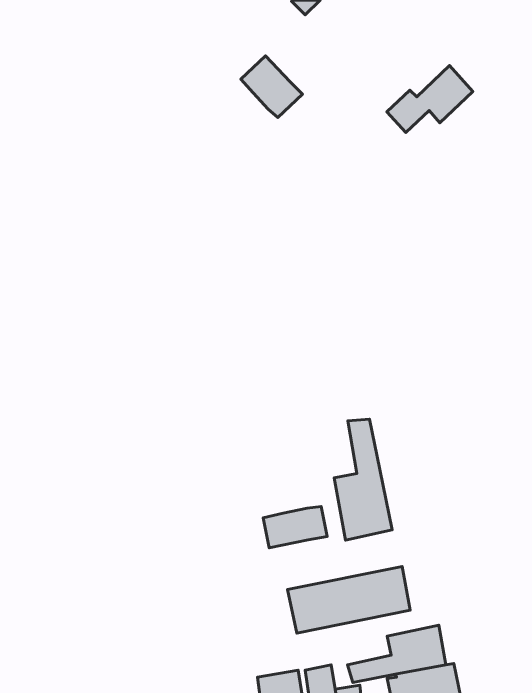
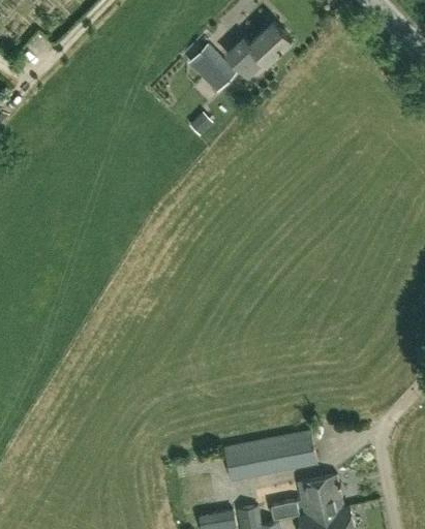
building: [387,66,473,132] -> [224,21,290,71]
building: [334,419,392,540] -> none
building: [263,507,327,548] -> none

